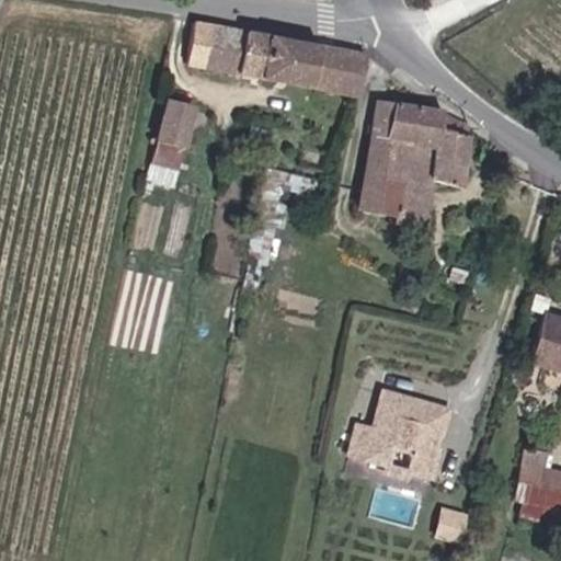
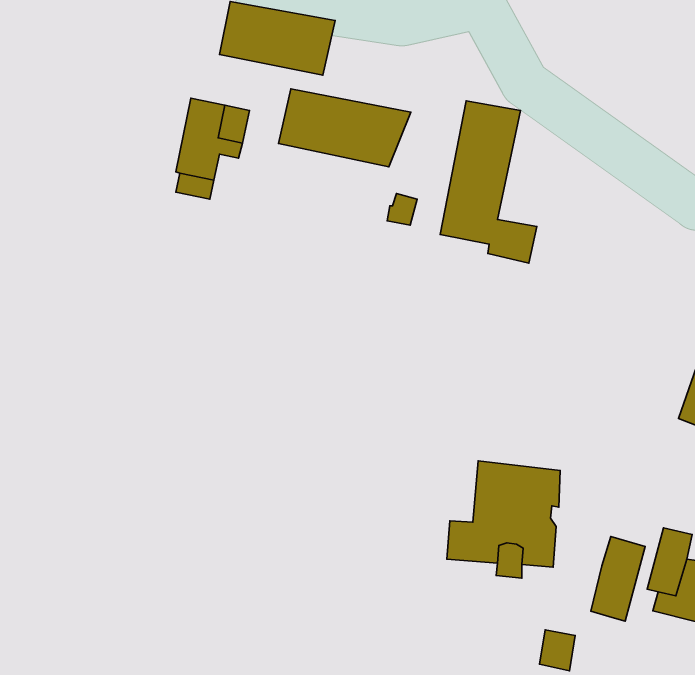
building: [261,34,367,96] -> [279,89,411,167]
building: [401,106,471,199] -> none
building: none -> [591,536,645,621]

